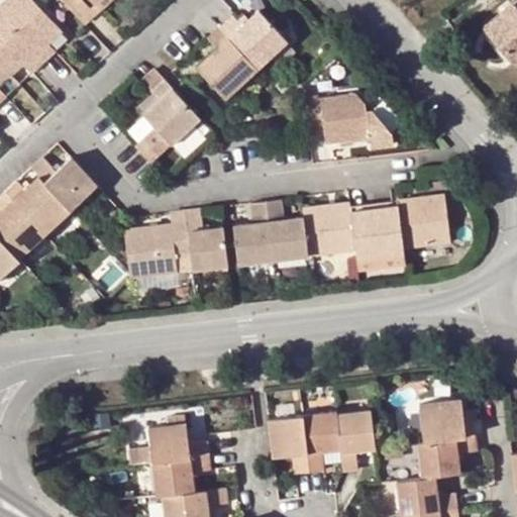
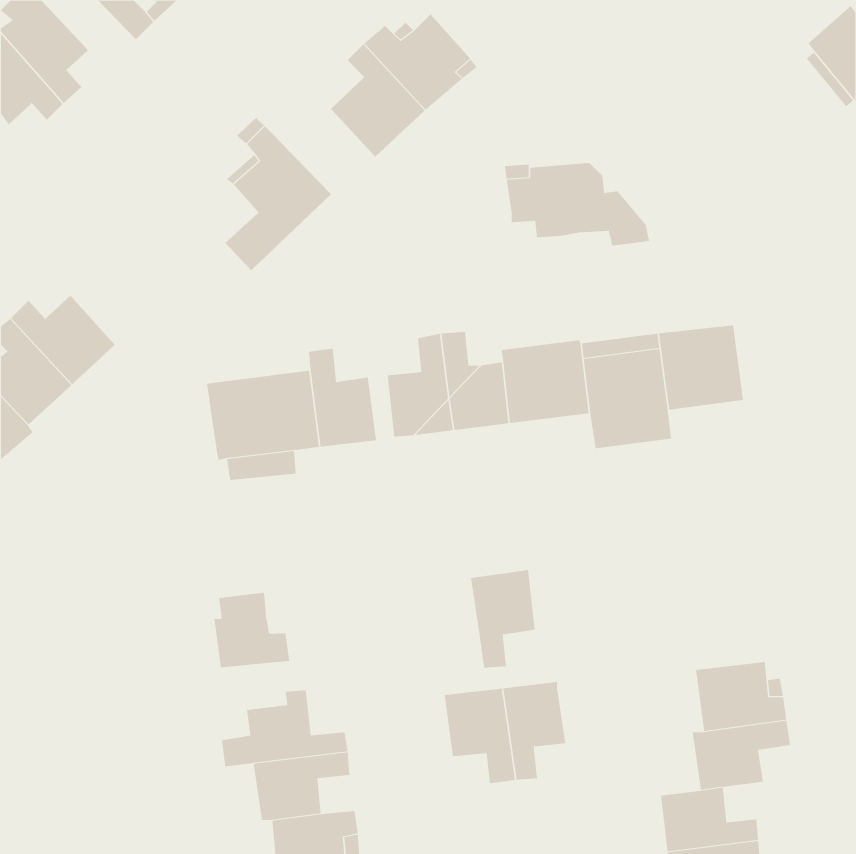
building: [32,158,96,210] -> none
building: none -> [214,592,290,668]
building: [336,411,376,471] -> [470,569,535,668]

